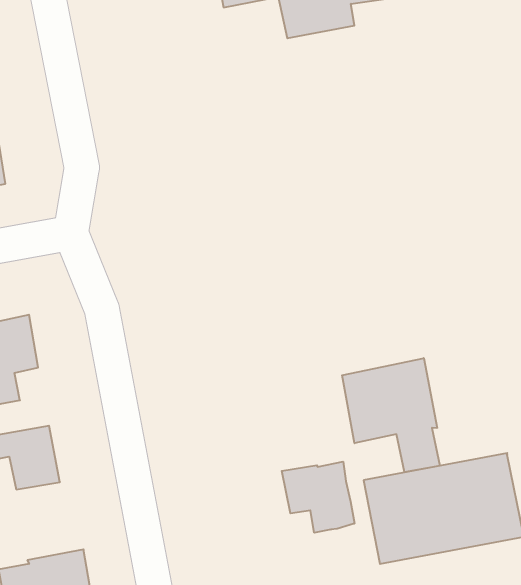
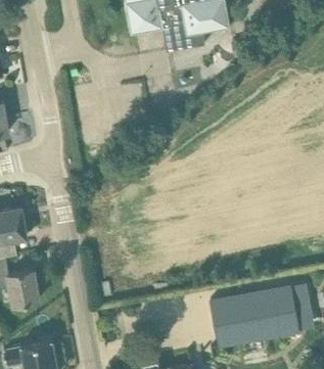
building: [342,358,440,472] -> none
building: [282,462,354,533] -> none

